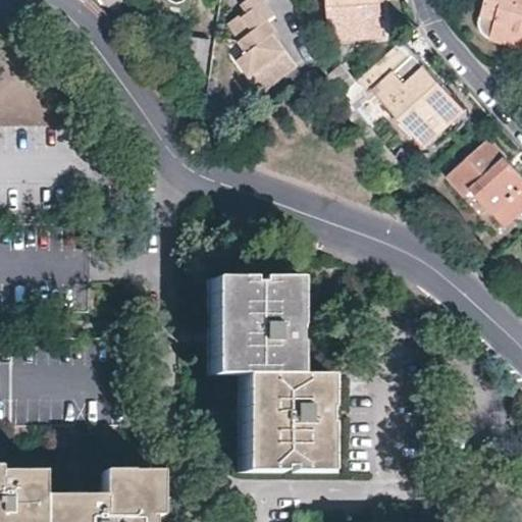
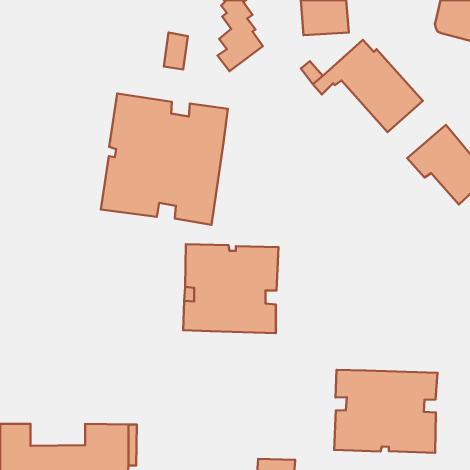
building: none -> [101,94,228,225]
building: [231,368,336,468] -> none
building: none -> [334,370,437,453]

